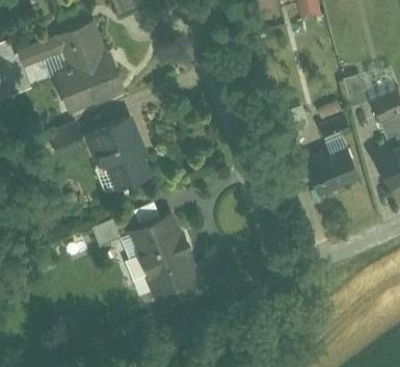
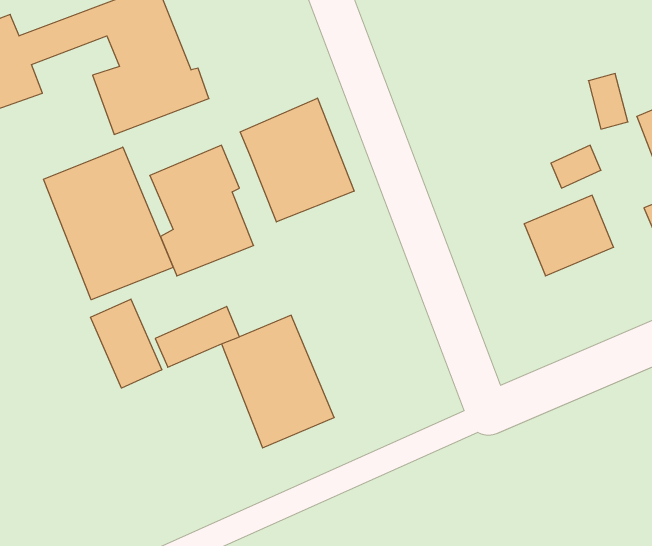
building: none -> [240,98,354,222]
building: none -> [43,147,173,300]
building: none -> [90,299,162,388]

